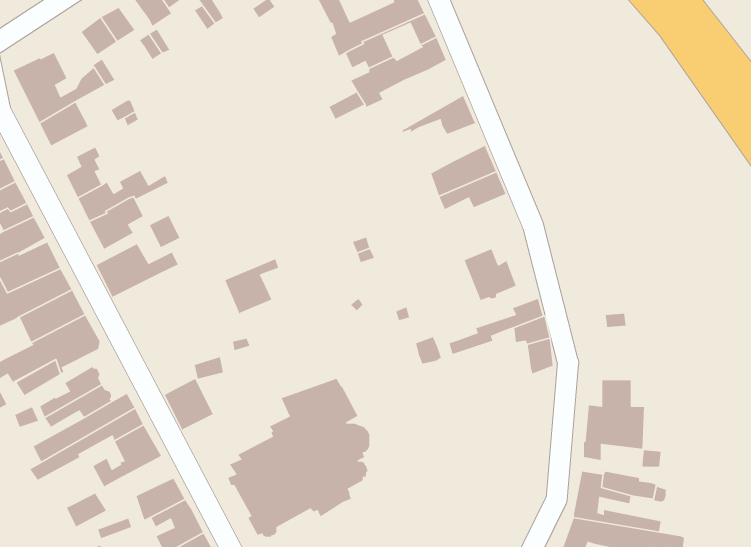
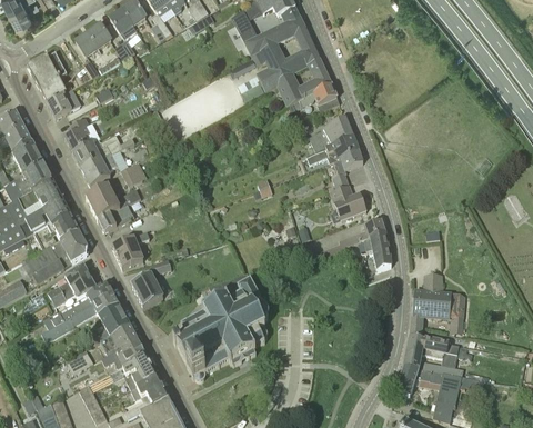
building: none -> [275,60,331,107]
building: none -> [332,150,363,188]
building: [224,258,279,315] -> [112,231,149,269]
building: none -> [97,203,134,232]
building: none -> [101,325,138,354]

